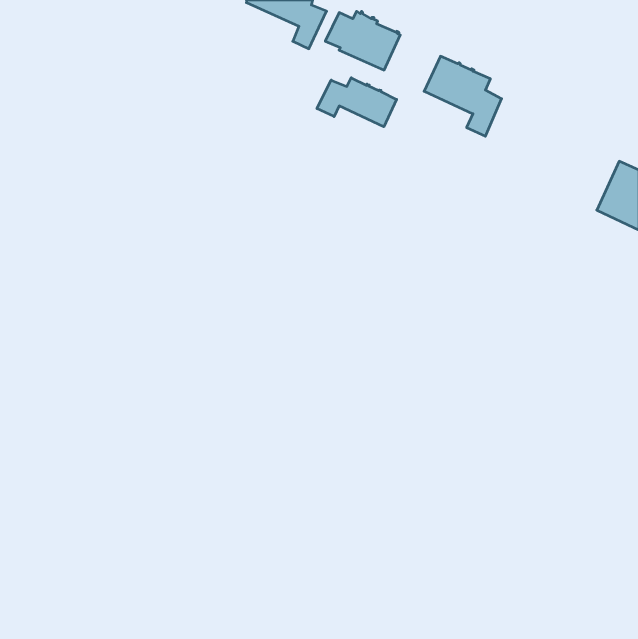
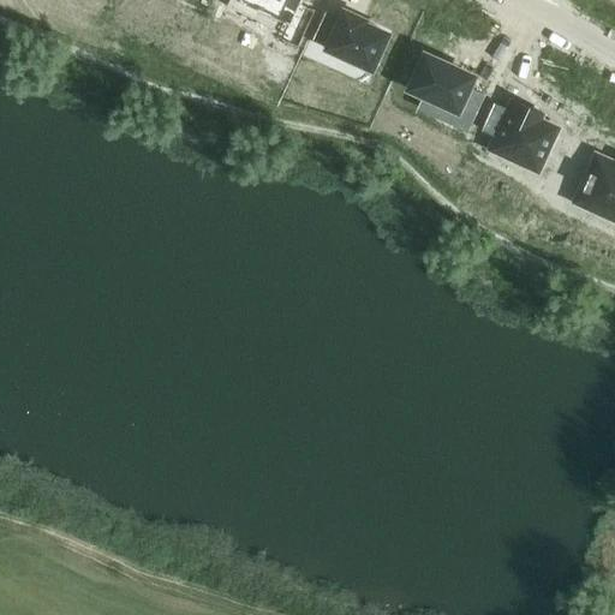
building: [317,78,397,127] -> none
building: none -> [482,100,557,171]

